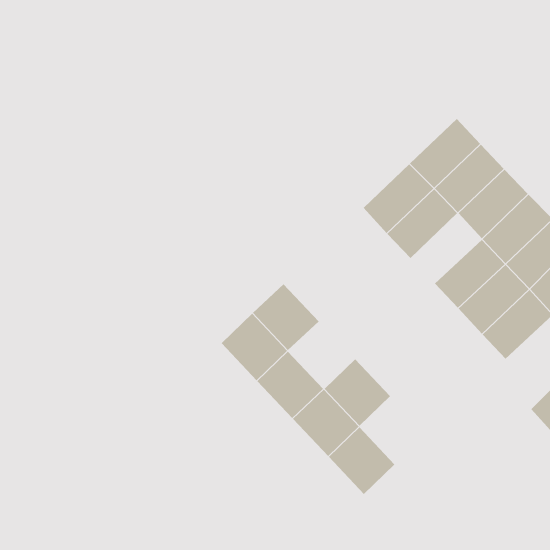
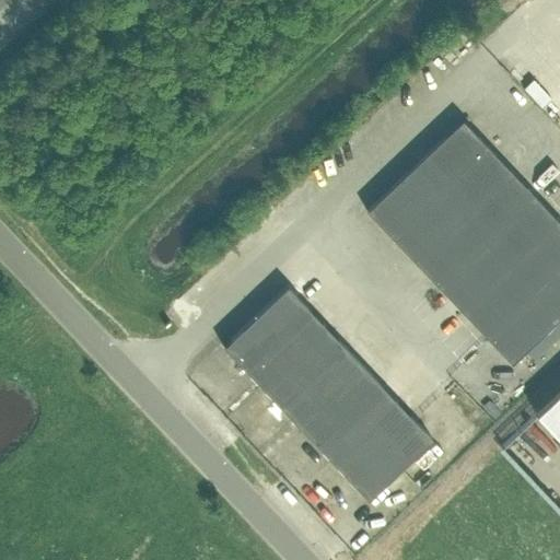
building: none -> [418,219,490,290]
building: none -> [294,328,362,396]
building: none -> [366,404,435,472]

